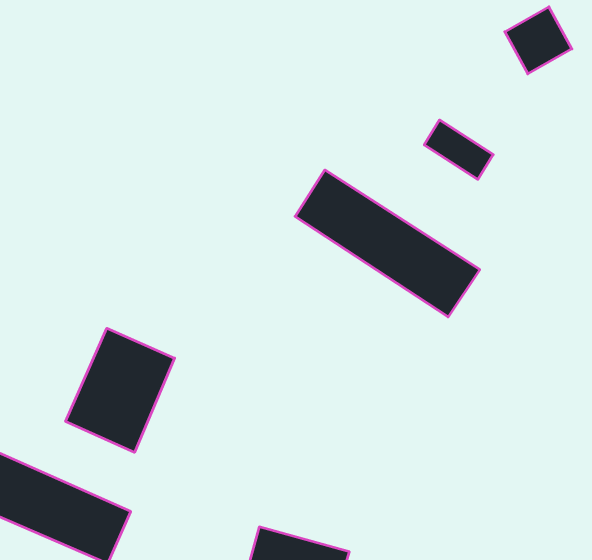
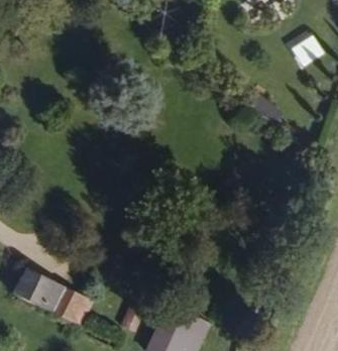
building: [295,170,480,317] -> none
building: [66,328,175,452] -> none

